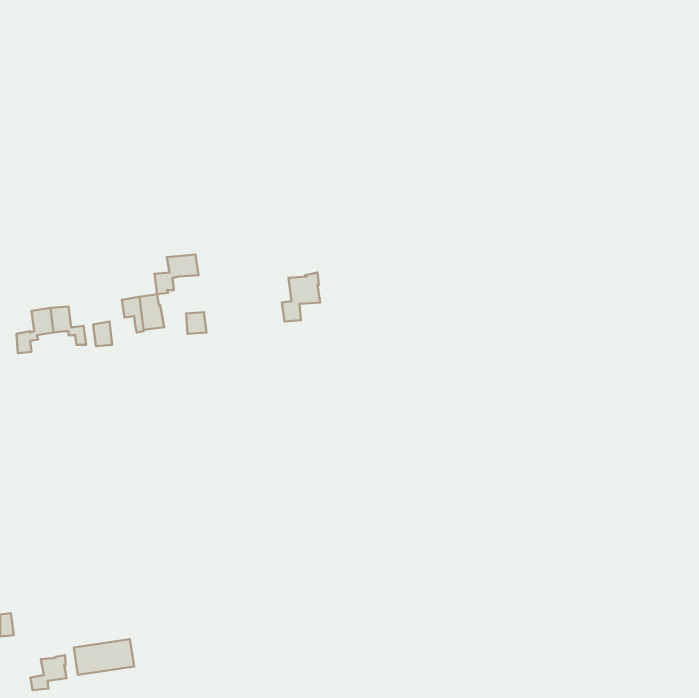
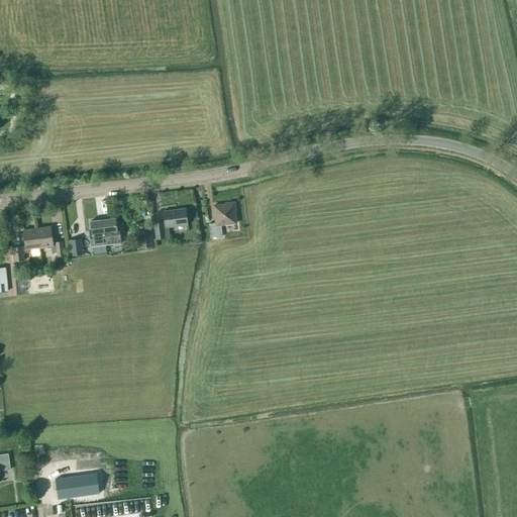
building: [155,255,198,294] -> [154,209,187,238]
building: [30,655,67,690] -> none

